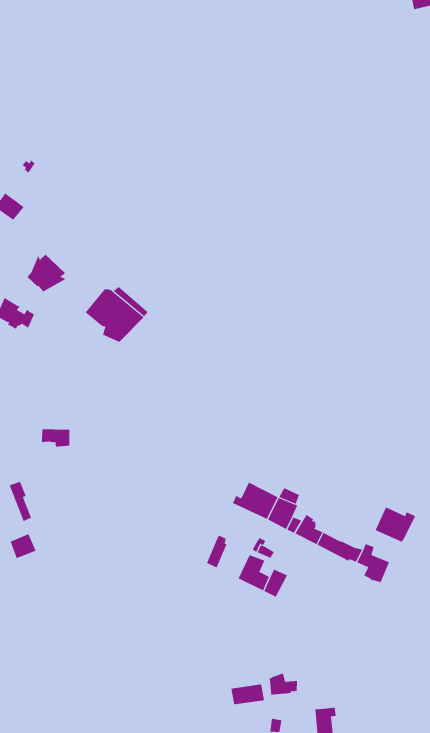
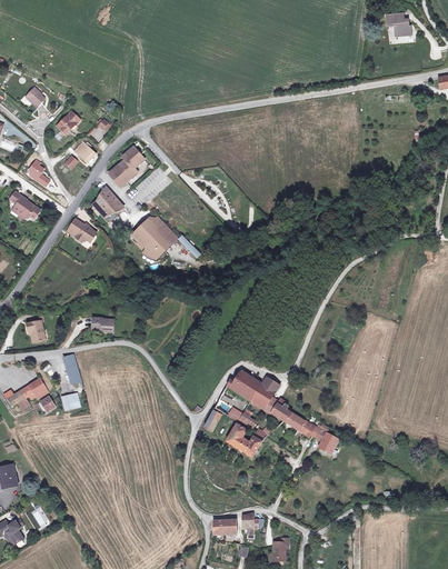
building: none -> [108,146,145,186]
building: [375,506,416,543] -> none

